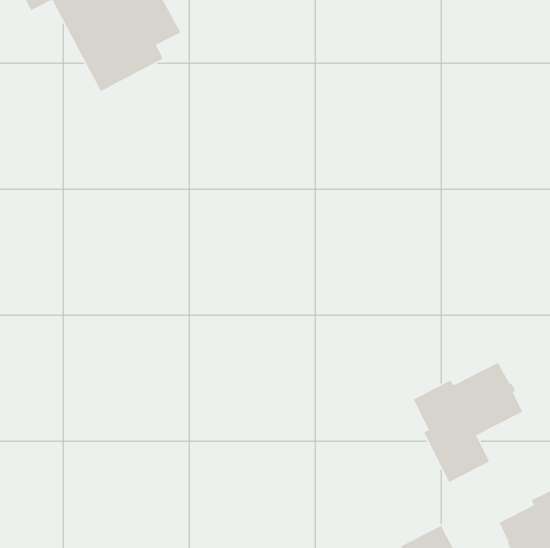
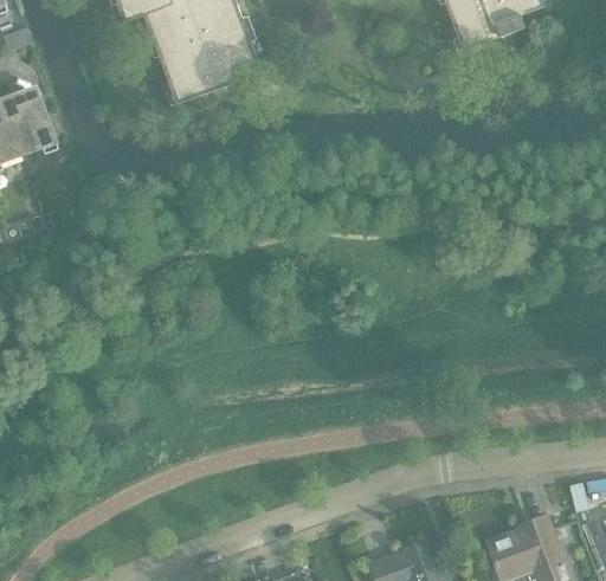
building: [413,362,525,483] -> none

